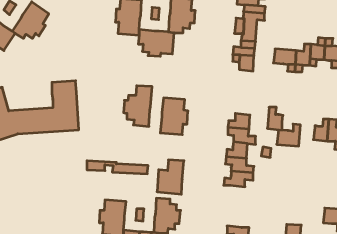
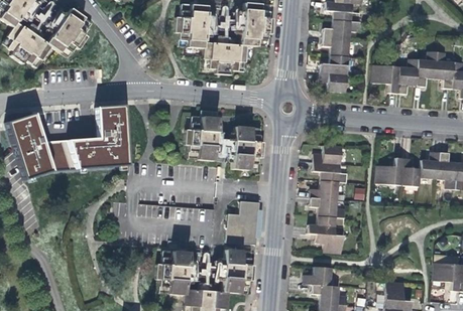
building: [267,107,283,130] -> [402,159,422,187]
building: none -> [317,234,345,254]
building: none -> [306,266,333,286]

